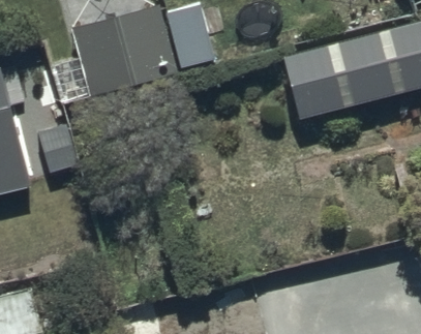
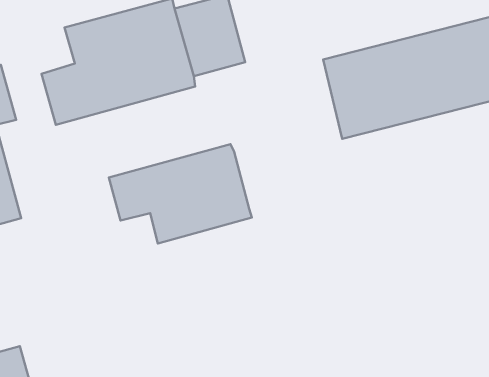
building: none -> [109,144,252,243]

